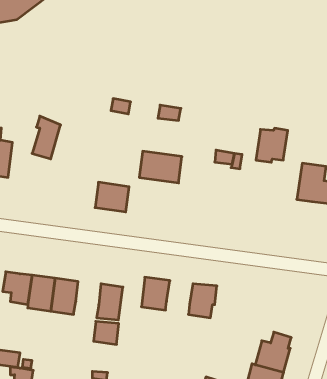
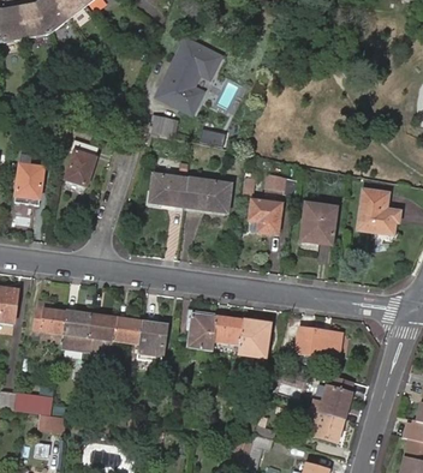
building: none -> [156,37,221,114]
building: [256,128,288,162] -> [300,203,335,240]
building: none -> [249,197,281,232]
building: [95,182,129,212] -> [150,172,187,204]
building: none -> [214,317,243,343]
building: none -> [297,327,341,357]
building: [94,321,119,344] -> [114,318,142,343]

